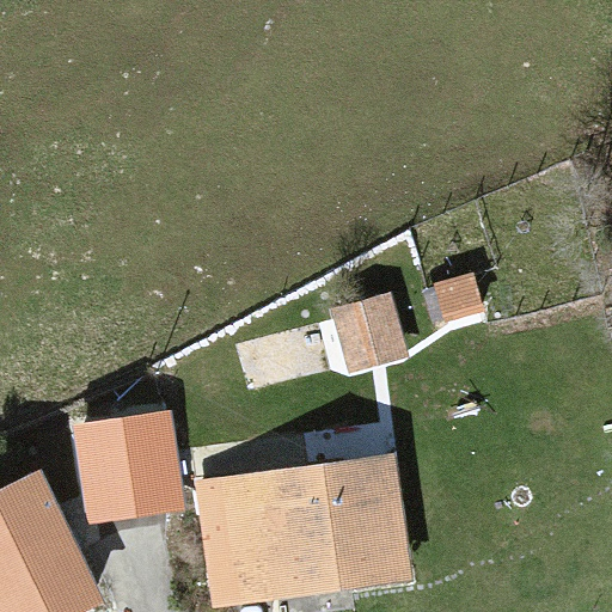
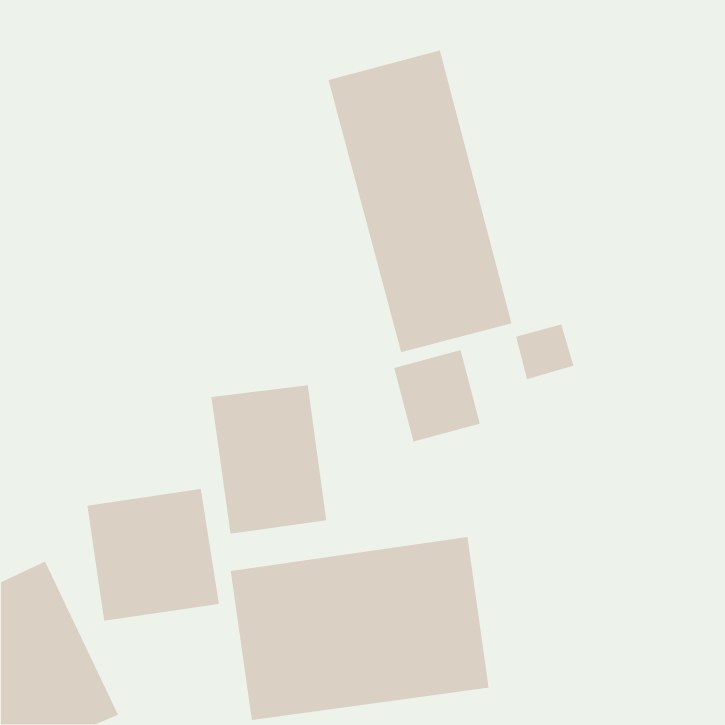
building: none -> [327,50,513,353]
building: none -> [210,384,327,534]

